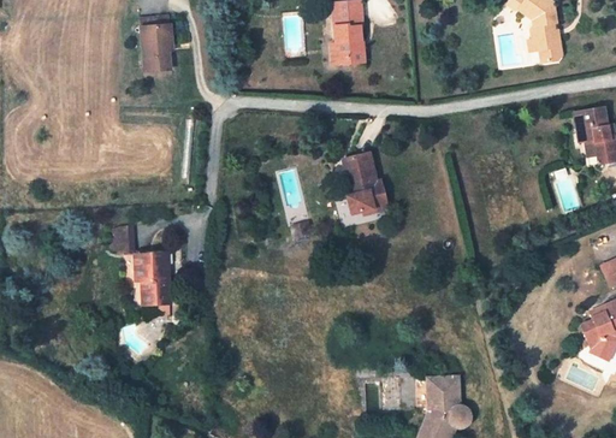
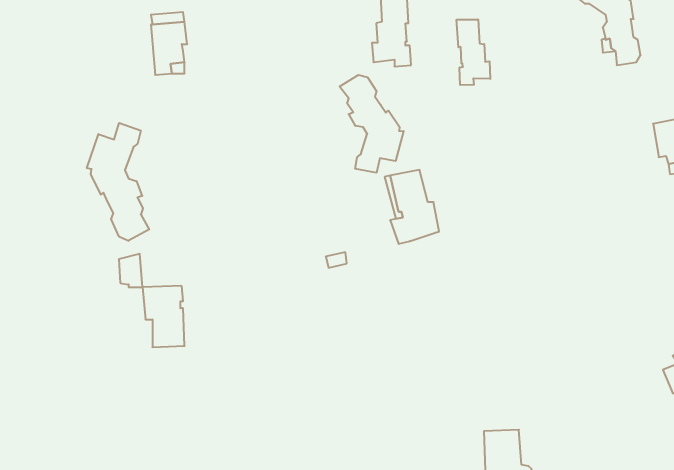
building: none -> [457,19,490,85]
building: none -> [340,75,404,173]
building: none -> [87,123,149,241]

